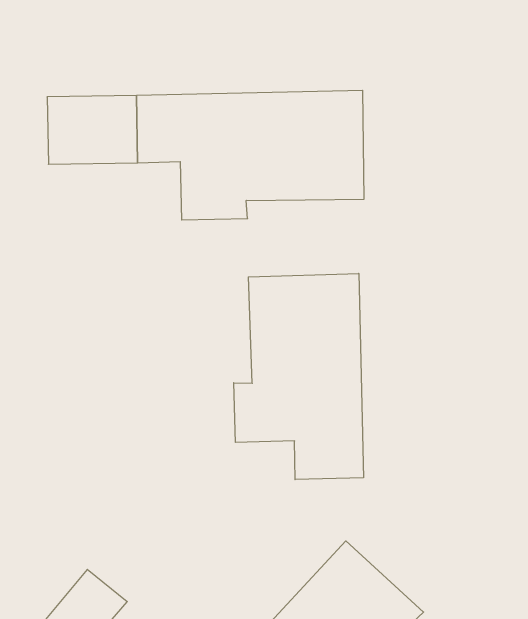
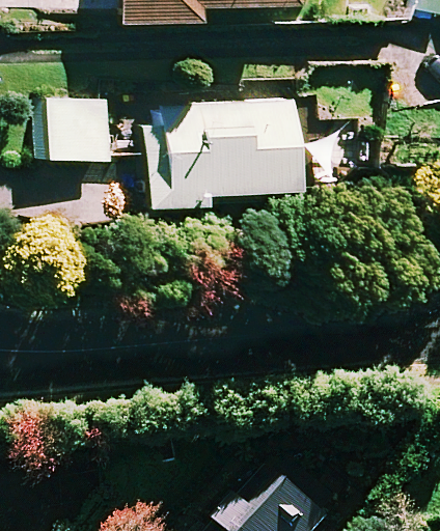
building: [234,273,363,480] -> none

